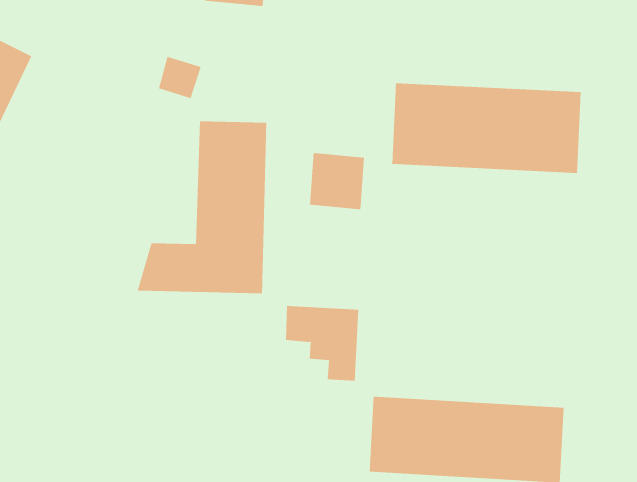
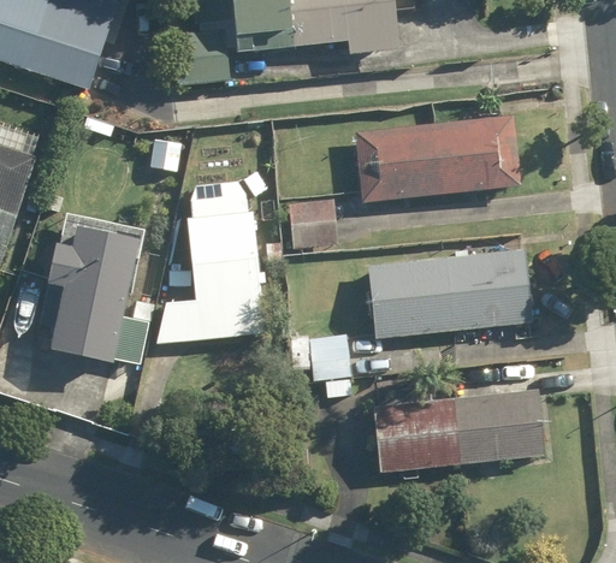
building: none -> [41,208,155,363]
building: none -> [368,249,533,336]

